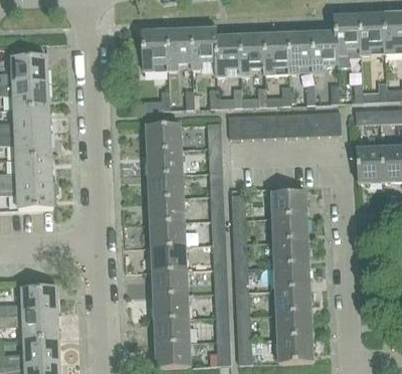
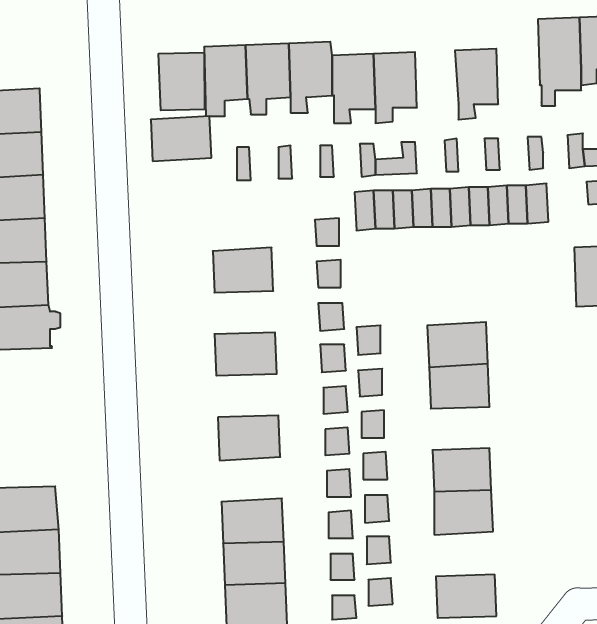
building: [312,31,338,71] -> none
building: [264,33,289,73] -> none
building: none -> [159,52,205,110]
building: [146,124,181,150] -> [151,116,211,161]
building: [148,173,183,198] -> none
building: [149,221,185,246] -> none
building: [273,240,308,265] -> none
building: [151,269,187,296] -> none
building: [275,313,311,339] -> none

